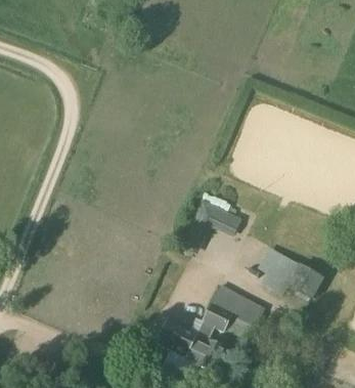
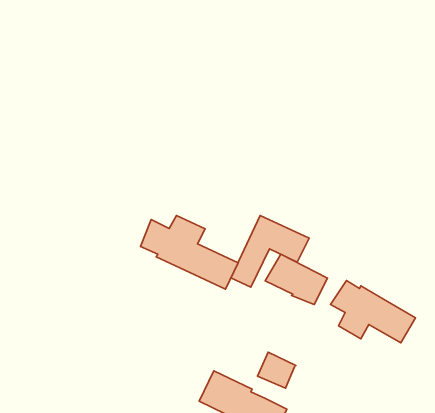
building: none -> [141,215,238,289]
building: [210,285,258,324] -> [265,254,327,305]

